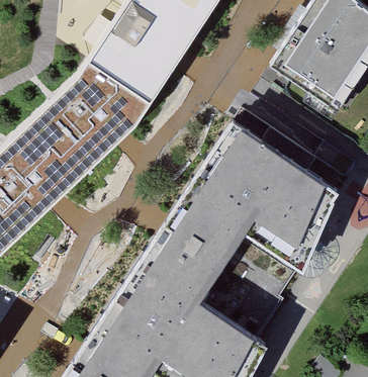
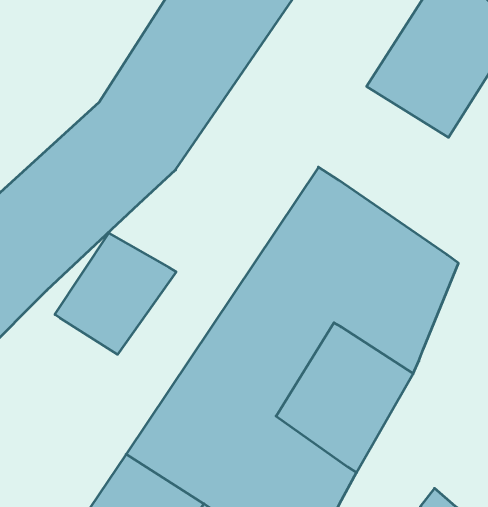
building: none -> [55,233,176,354]

